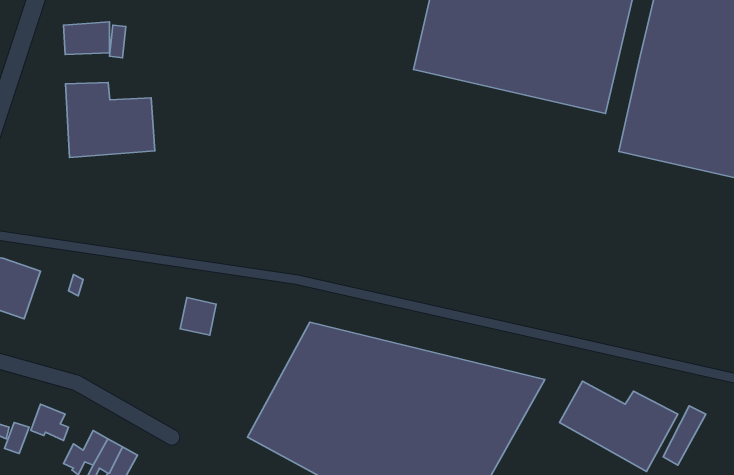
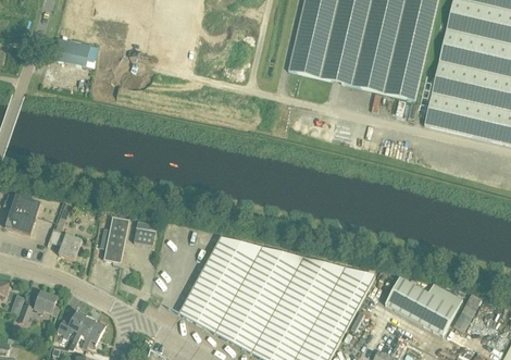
building: [66,83,155,158] -> none
building: none -> [104,218,129,263]
building: none -> [49,229,82,261]

